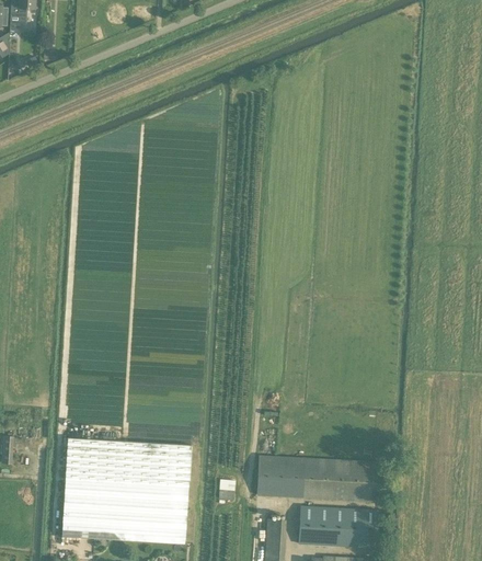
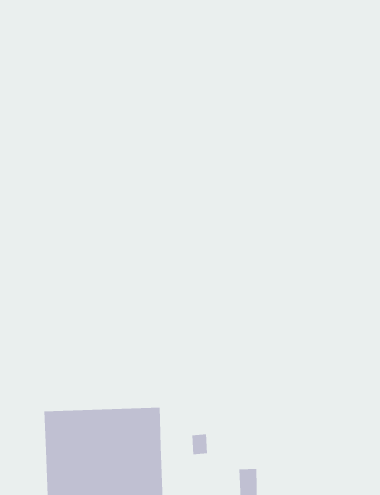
building: [255,455,381,502] -> none
building: [297,505,378,548] -> none

